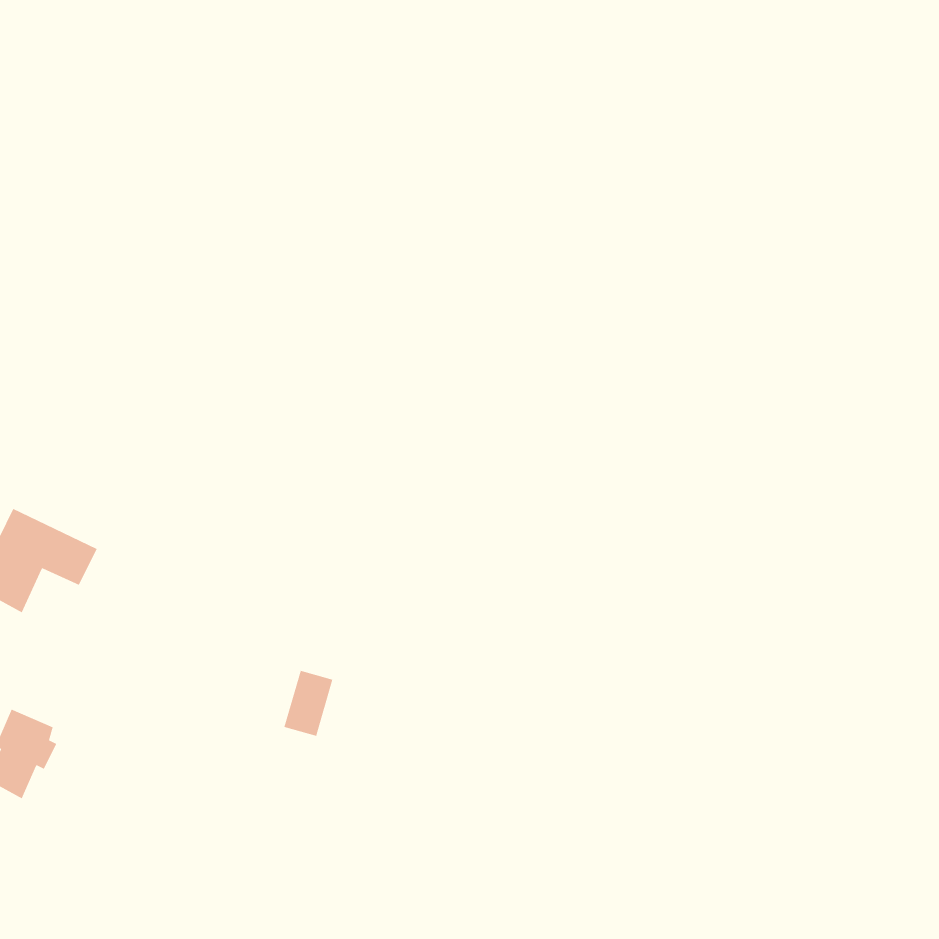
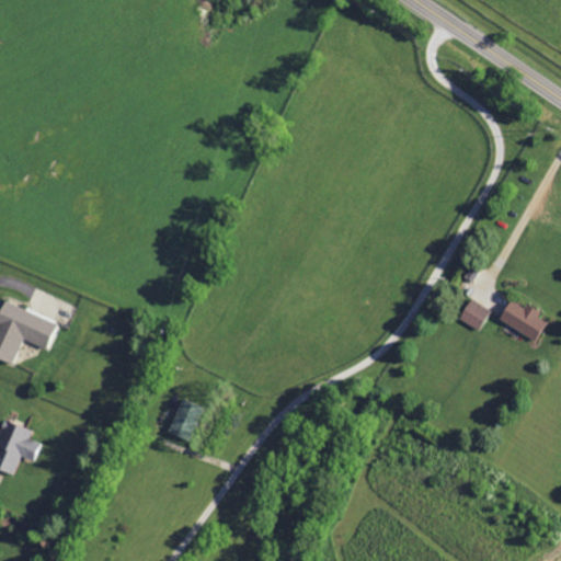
building: none -> [458,298,489,330]
building: none -> [499,300,546,341]

